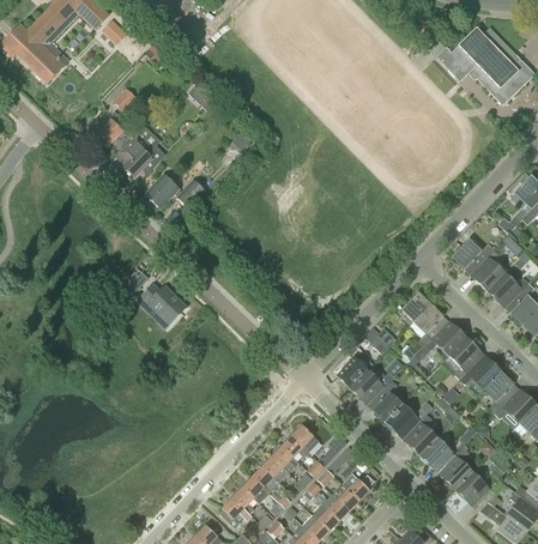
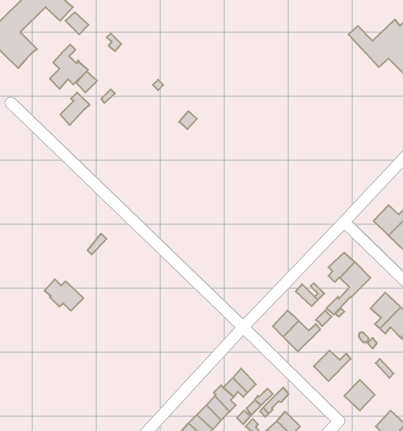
building: [123,126,167,176] -> [50,45,88,89]
building: [145,174,207,208] -> none
building: [143,283,187,319] -> [44,279,83,311]
building: [427,321,466,356] -> none
building: [367,380,403,422] -> none
building: [401,413,437,455] -> none
building: [437,446,472,490] -> none

